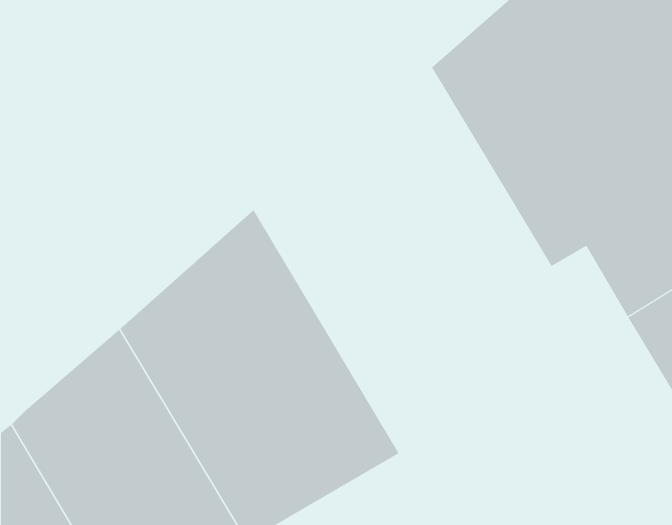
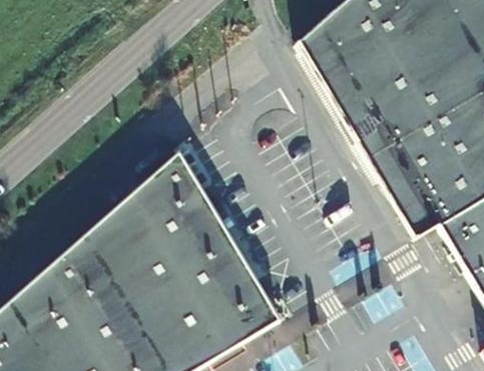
building: none -> [386,174,439,238]

